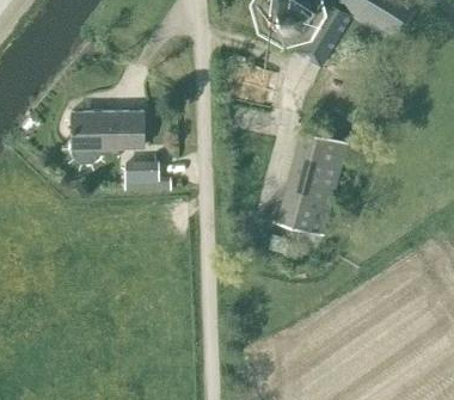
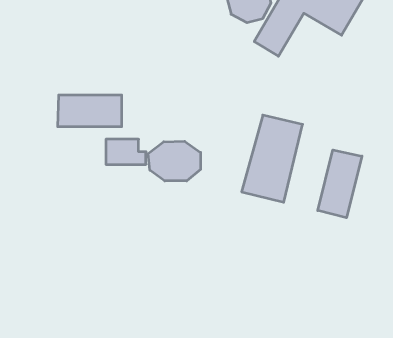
building: none -> [148,141,201,181]
building: none -> [318,150,362,218]

